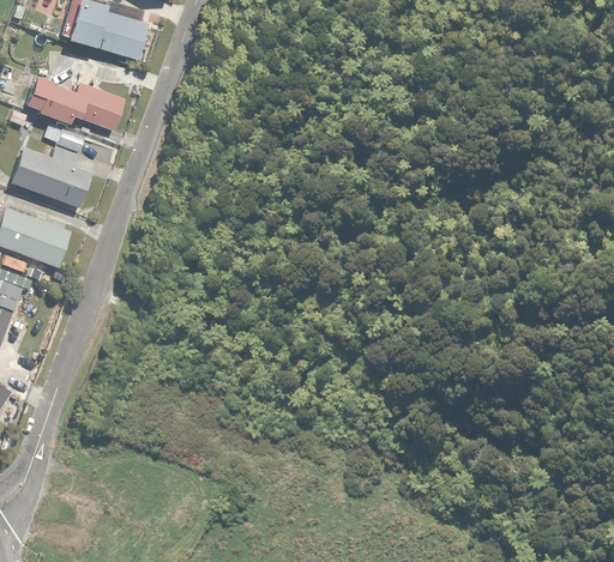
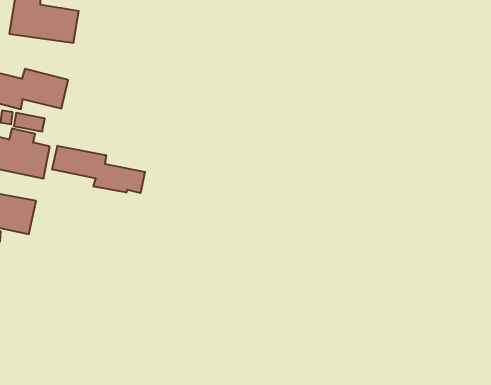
building: none -> [52,146,145,193]

